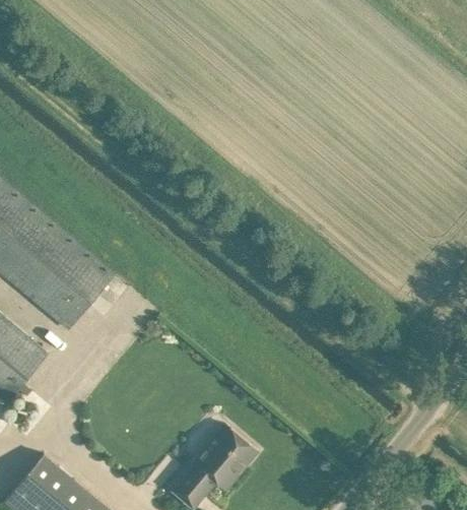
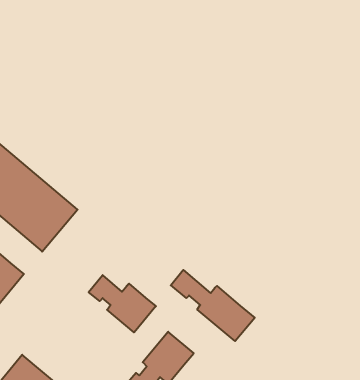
building: none -> [171,270,255,341]
building: none -> [89,275,156,332]

